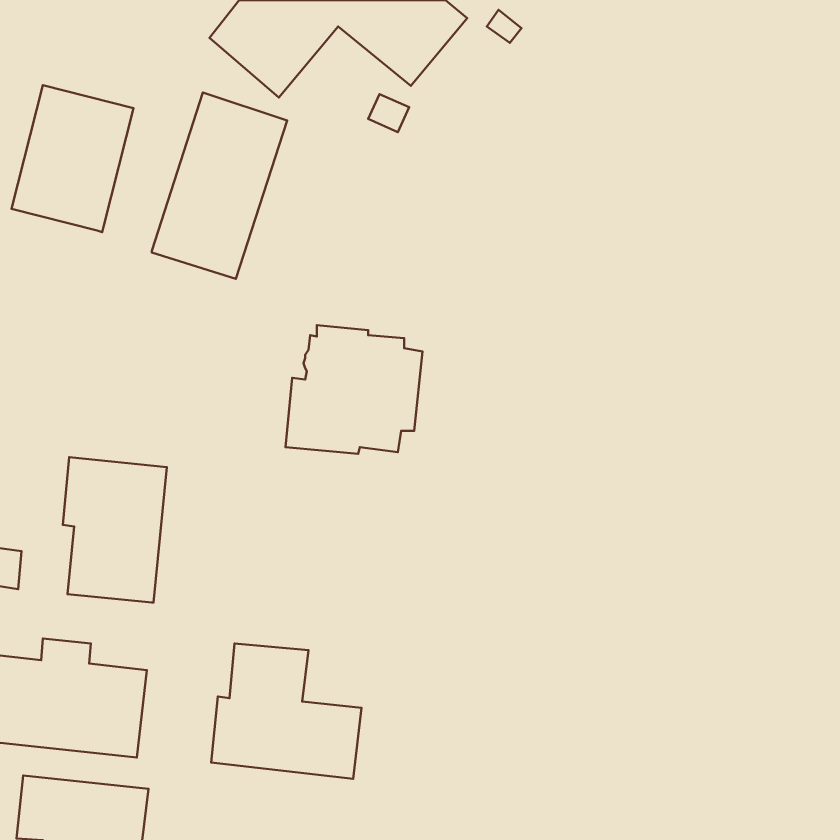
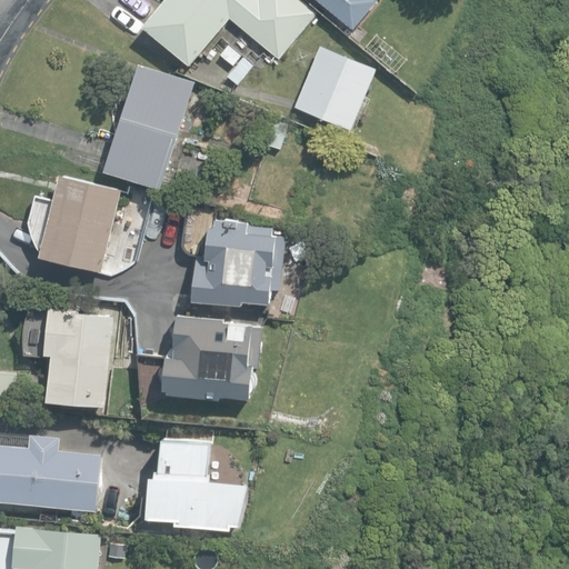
building: none -> [295,47,377,134]
building: [12,85,134,232] -> [38,174,120,273]
building: none -> [158,315,261,400]

